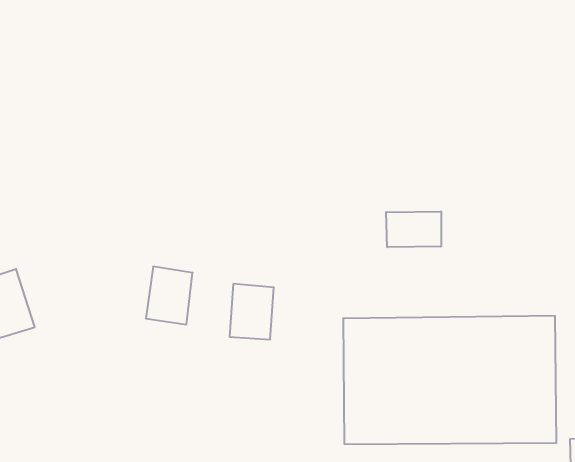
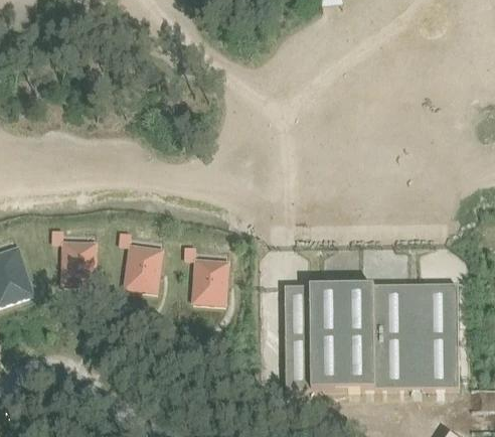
building: [386,211,441,247] -> none
building: none -> [61,241,96,285]

